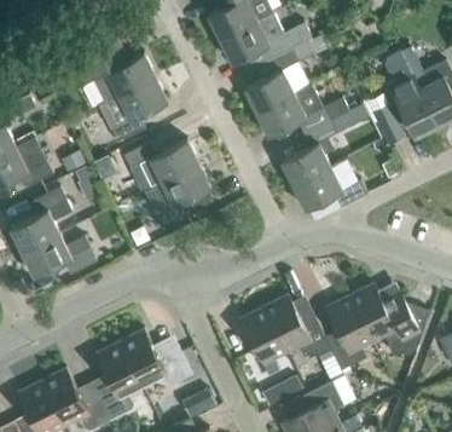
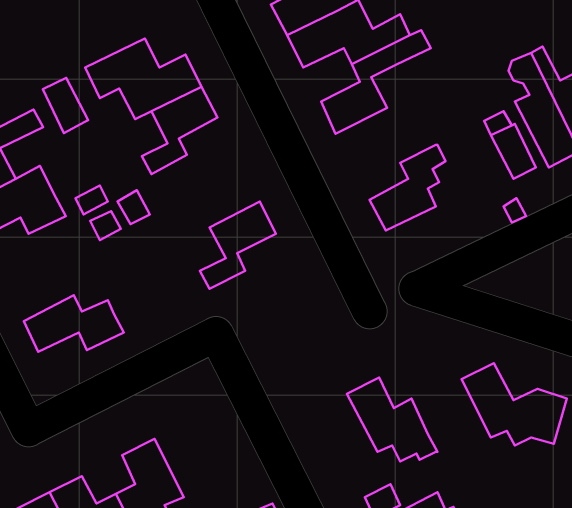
building: none -> [43,78,88,133]
building: [255,85,348,136] -> none
building: [123,139,198,188] -> none
building: [292,167,367,209] -> none
building: [10,188,71,253] -> none
building: [324,296,371,370] -> none
building: [239,307,286,375] -> none
building: [120,329,192,386] -> none

